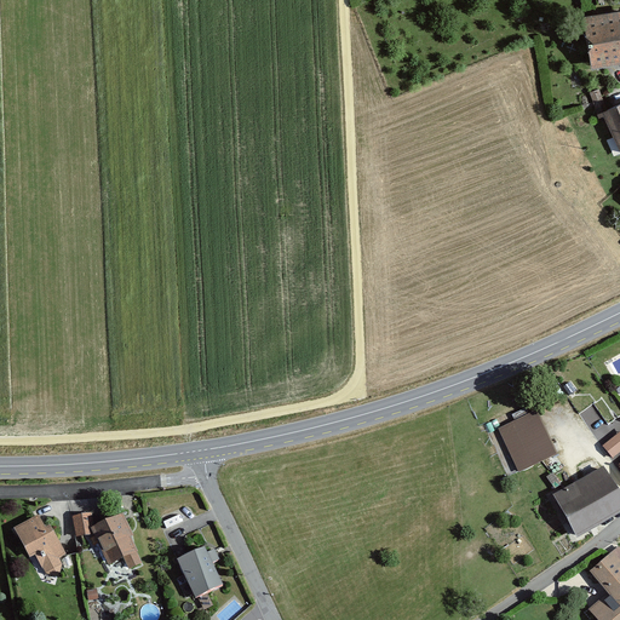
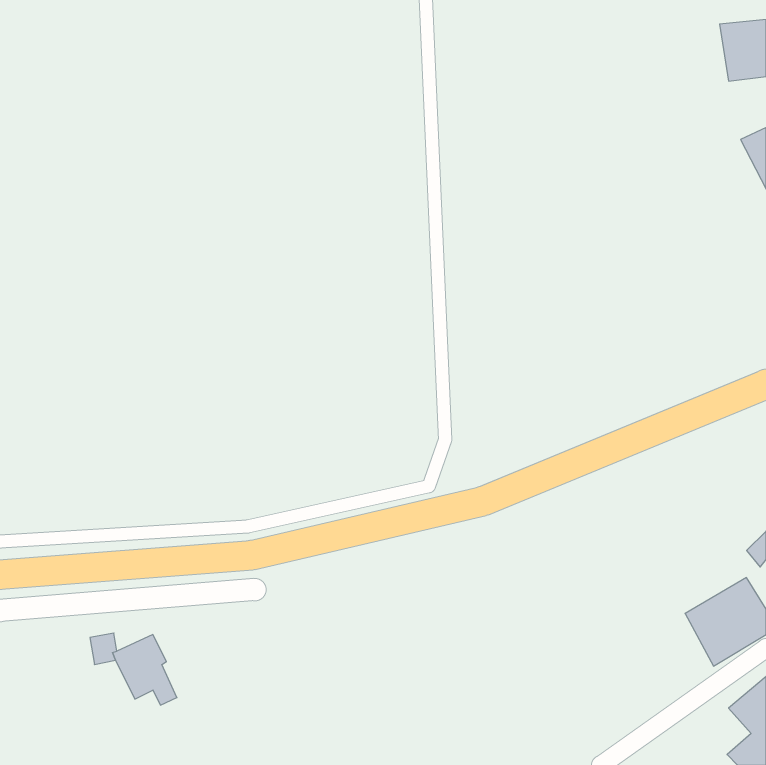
building: [499,409,558,471] -> none
building: [15,515,67,576] -> none
building: [177,546,223,598] -> none

